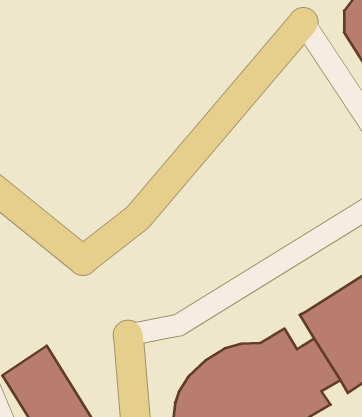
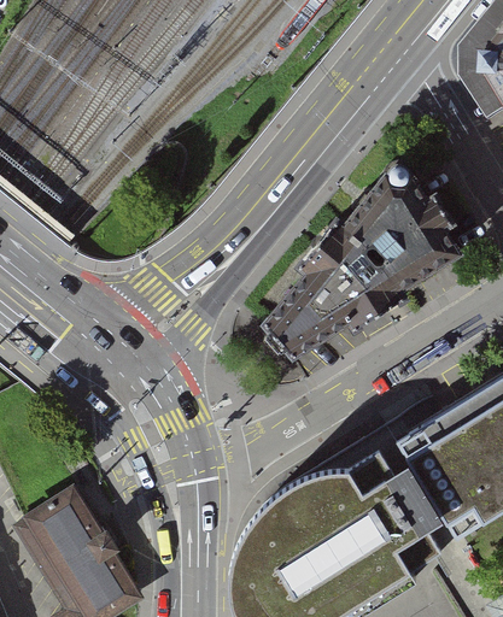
building: none -> [263,161,467,355]

